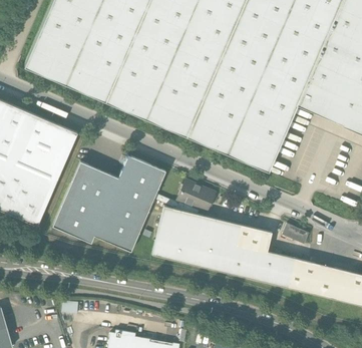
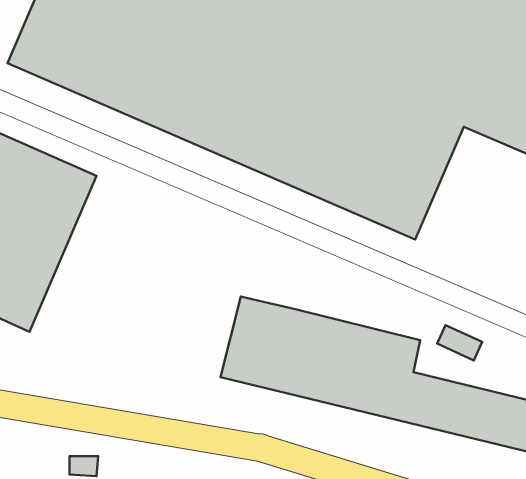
building: [52,155,164,253] -> none
building: [177,182,214,214] -> none

